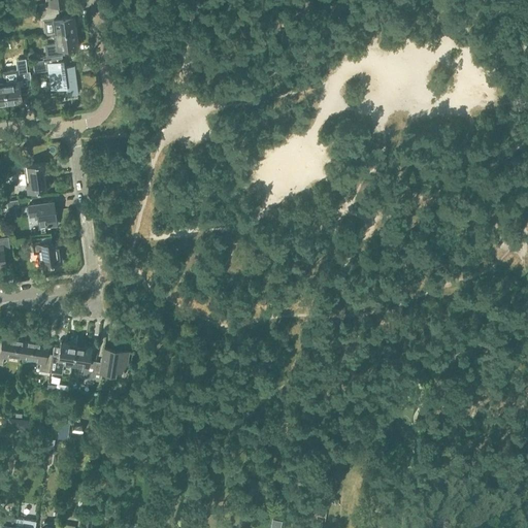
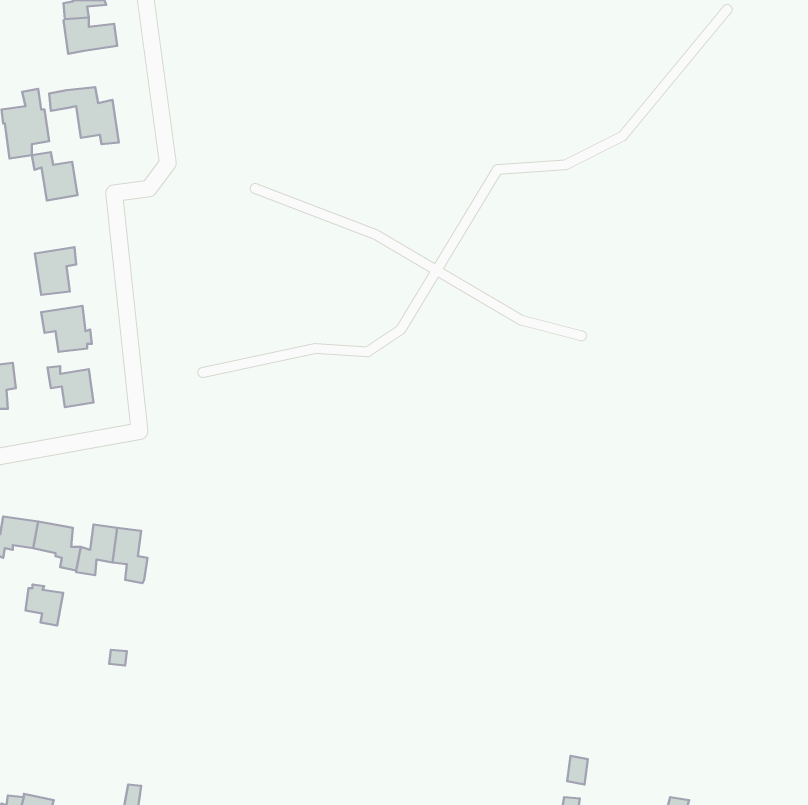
building: [45,33,79,60] -> none
building: none -> [32,152,78,201]
building: [94,350,129,382] -> none
building: none -> [26,585,63,625]

